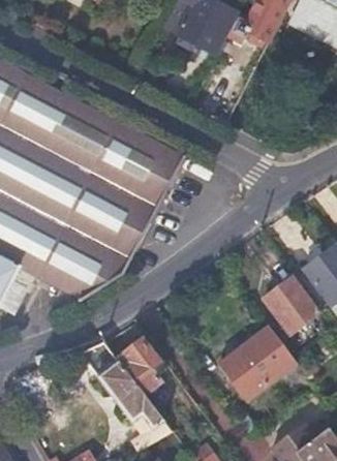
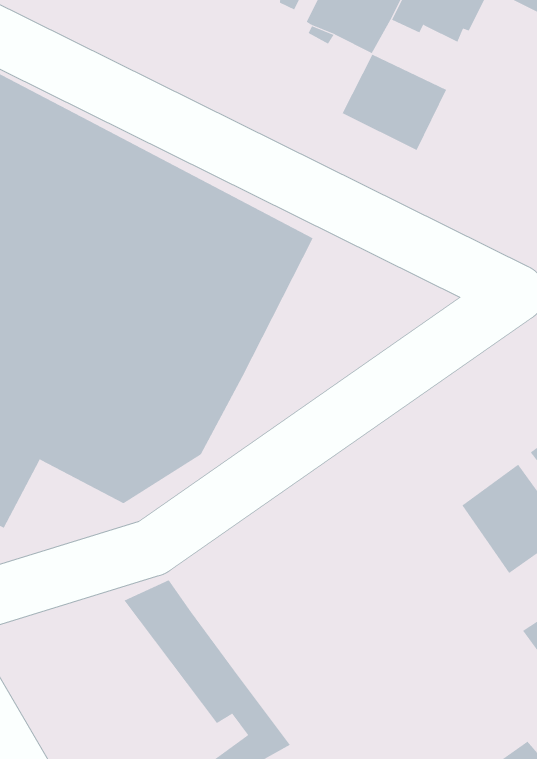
building: none -> [342,54,447,151]
building: [219,328,295,401] -> none
building: [117,339,159,393] -> none

